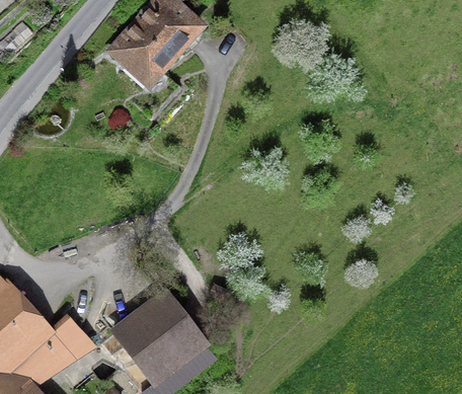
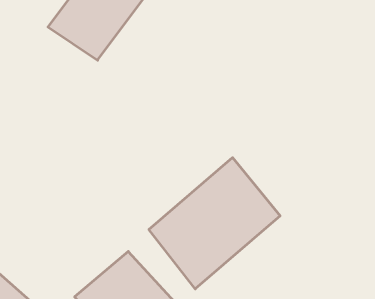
building: none -> [149,158,280,289]

